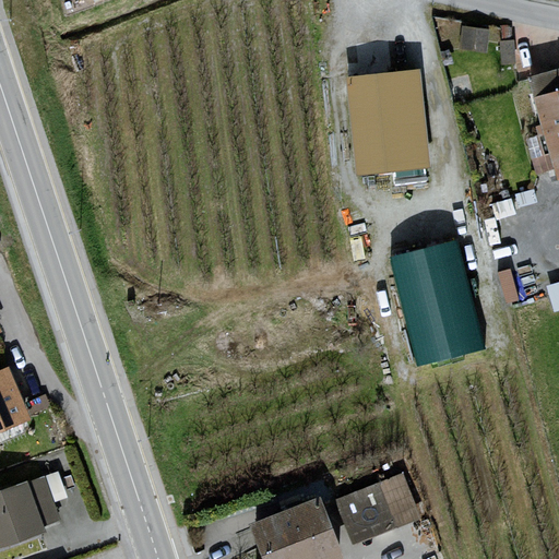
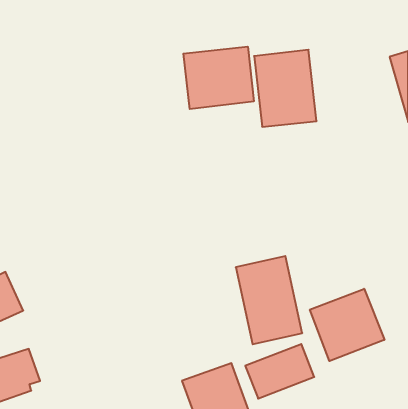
building: none -> [183,47,254,109]
building: [393,247,484,367] -> [236,256,302,344]
building: none -> [310,289,384,361]

